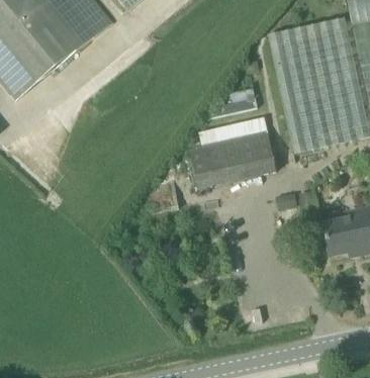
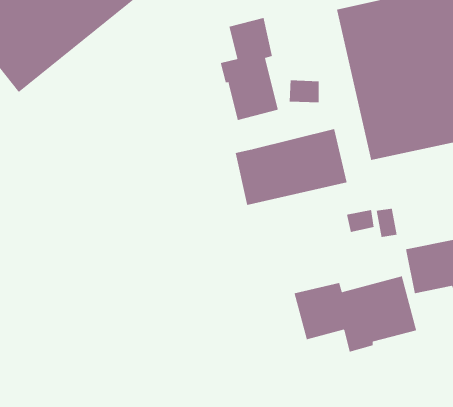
building: none -> [220,17,278,121]
building: none -> [294,275,417,352]

